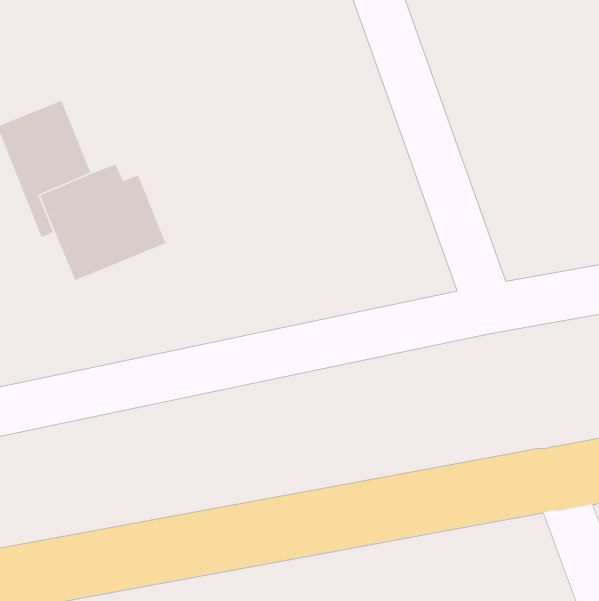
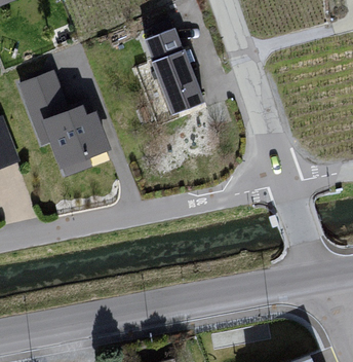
building: none -> [142,29,205,115]

